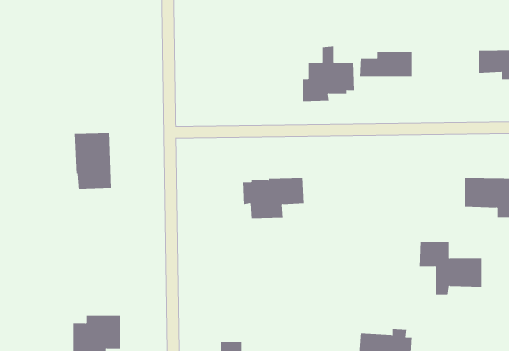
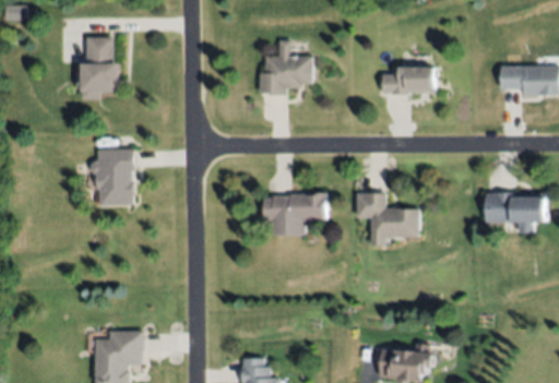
building: none -> [82,36,121,99]
building: [302,46,355,102] -> [259,39,311,95]
building: [419,242,482,295] -> [356,192,419,246]

